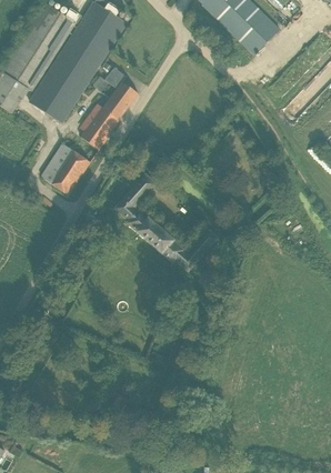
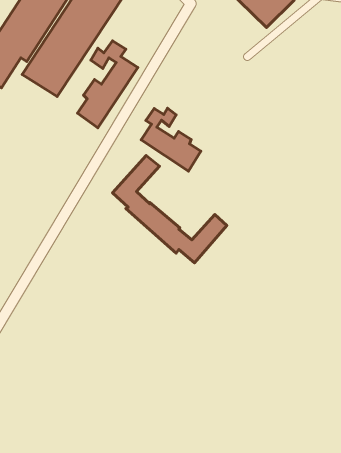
building: none -> [141,108,201,171]
building: [41,143,90,192] -> none

